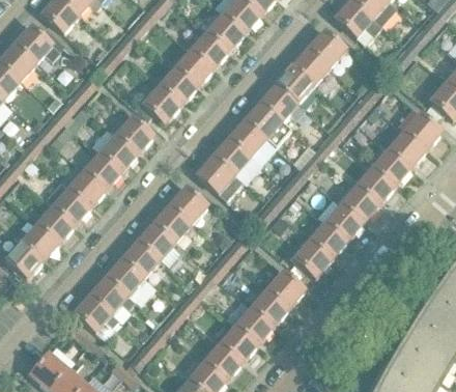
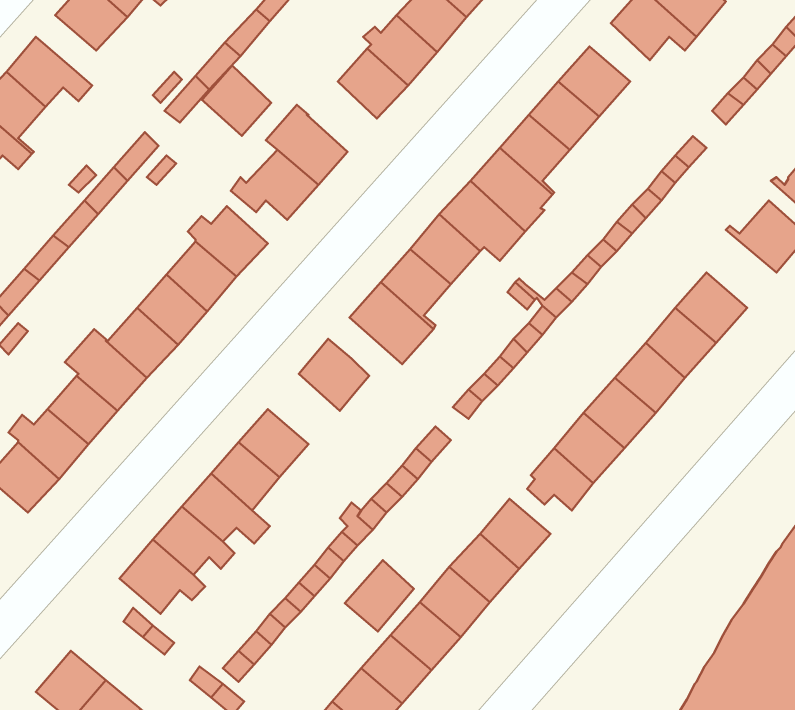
building: [174,49,211,86] -> [201,66,271,136]
building: [382,128,424,169] -> none
building: [153,204,192,242] -> none
building: none -> [345,560,414,631]

